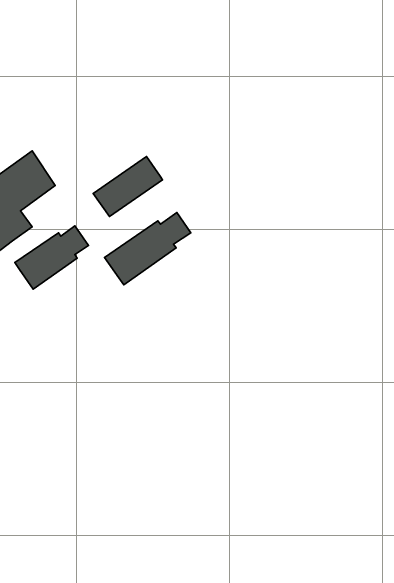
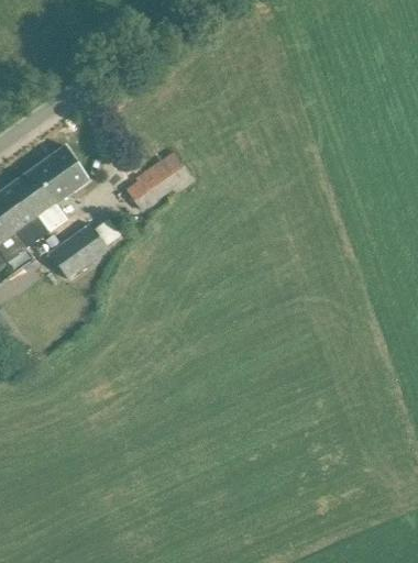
building: [105,212,191,285] -> none

